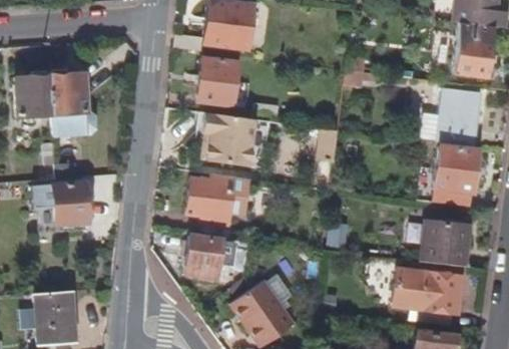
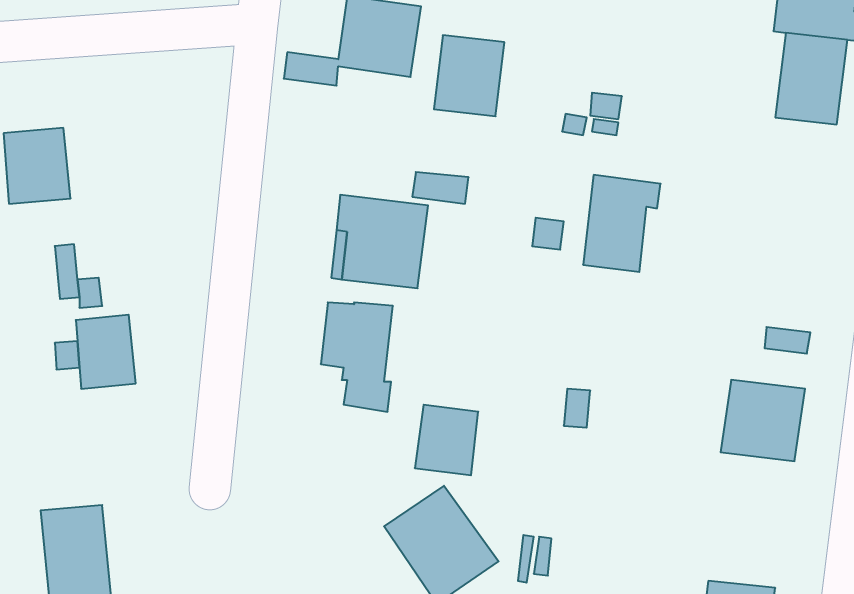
building: [197,58,237,104] -> [434,35,504,116]
building: [49,72,97,138] -> none
building: [440,89,484,144] -> [583,175,661,272]
building: [434,144,479,189] -> none
building: [184,237,220,277] -> [415,405,478,475]
building: [397,267,462,313] -> none

